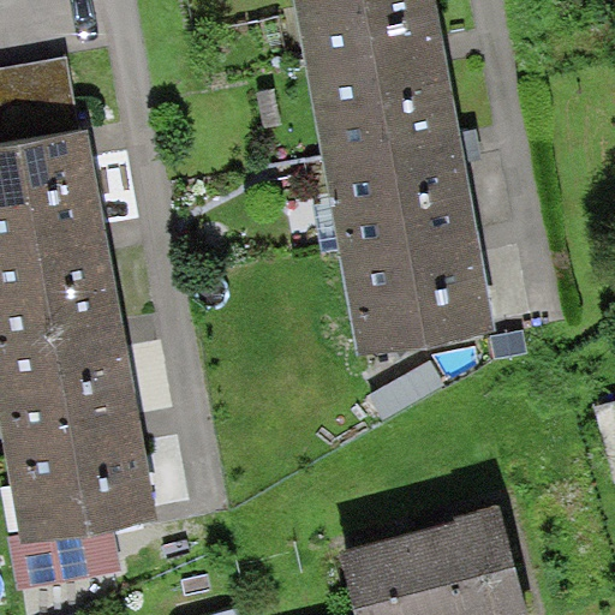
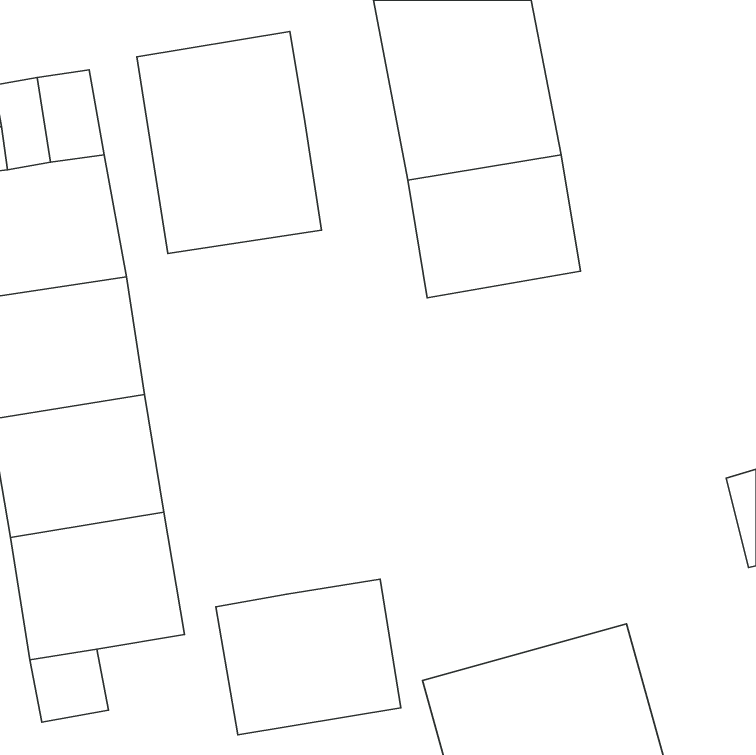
building: none -> [137,32,321,253]
building: [345,223,486,346] -> none
building: none -> [216,579,401,735]

